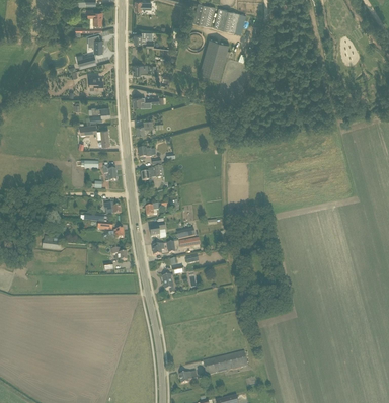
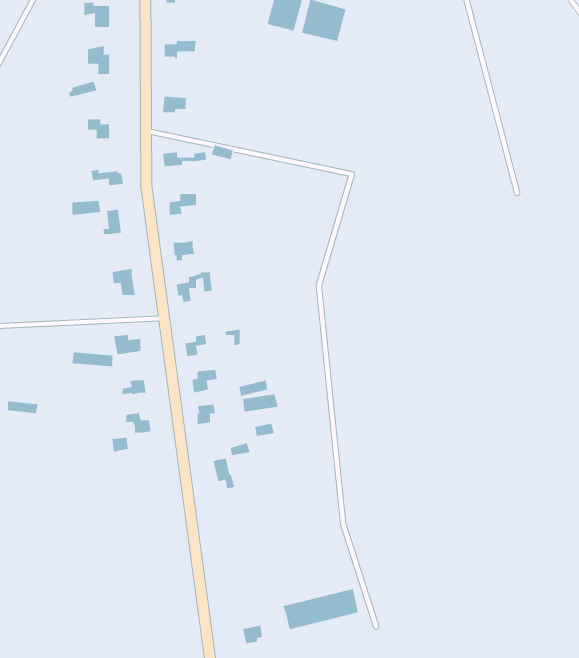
building: [200,37,229,77] -> none

